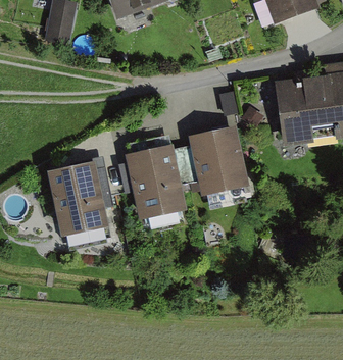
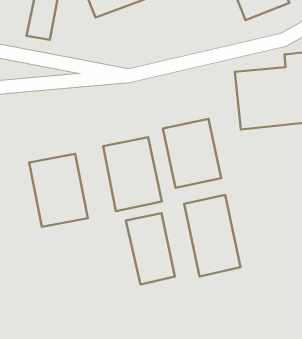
building: none -> [184,195,241,276]
building: none -> [126,213,175,284]

